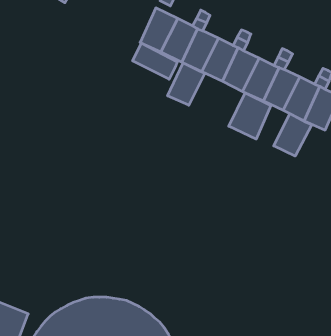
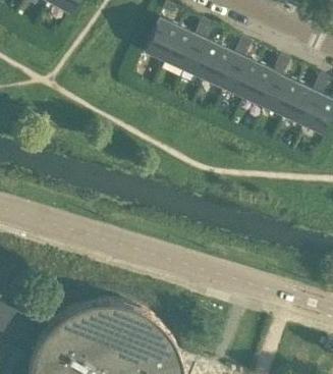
building: [133,43,177,79] -> none
building: [168,63,205,105] -> none
building: [229,93,271,139] -> none
building: [274,114,312,156] -> none

